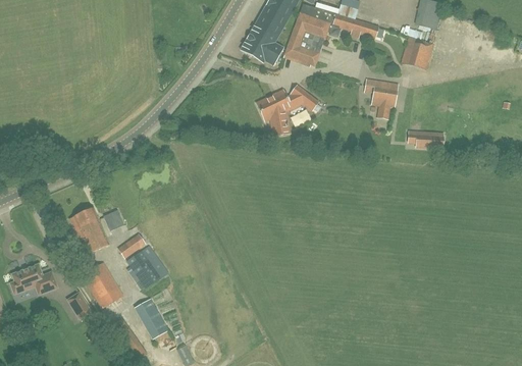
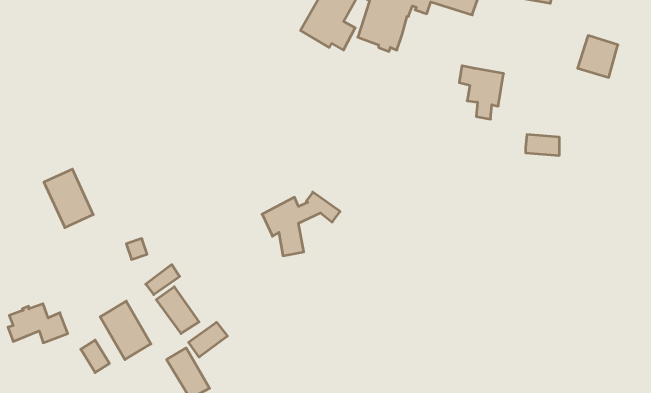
building: [402,36,433,68] -> [578,36,618,77]
building: [257,86,318,136] -> [262,192,340,256]
building: [70,208,109,254] -> [44,169,93,228]
building: none -> [189,322,227,357]

